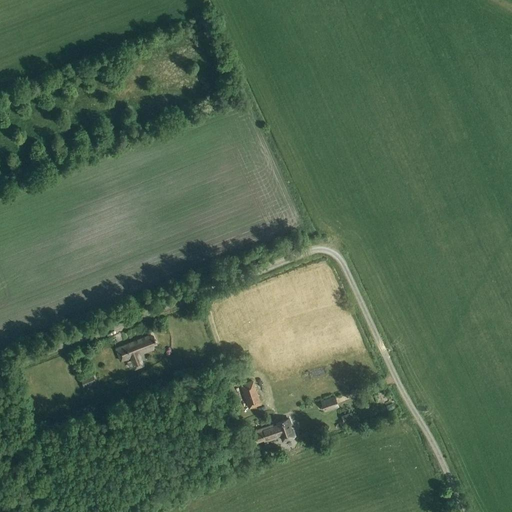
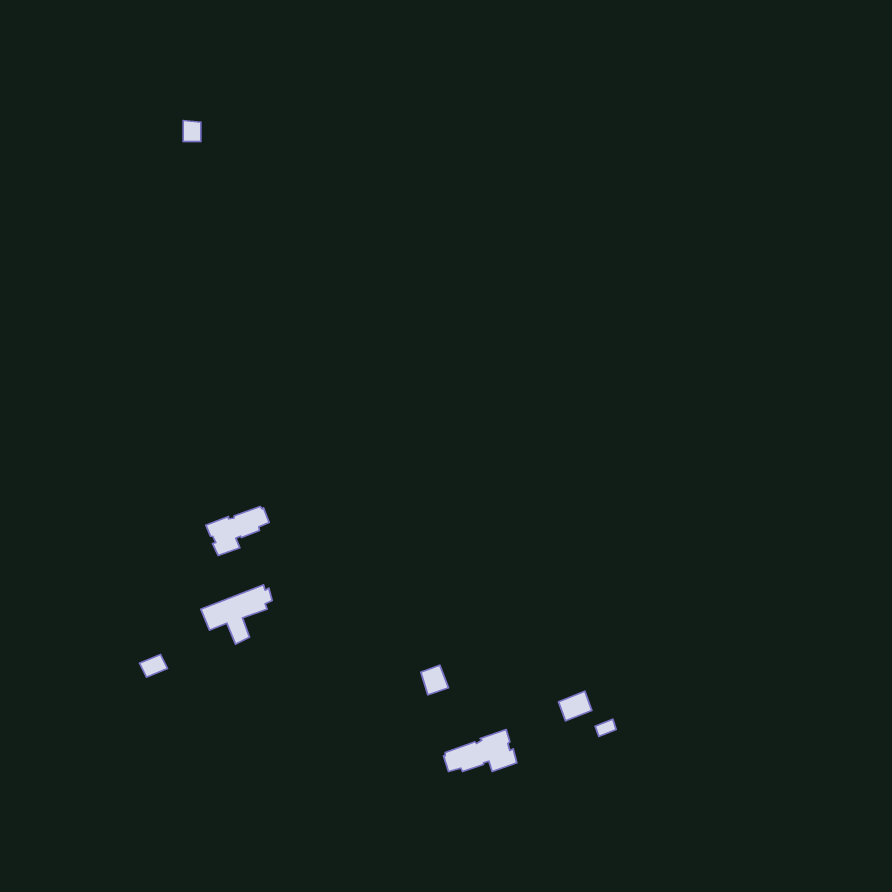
building: none -> [206,506,269,556]

